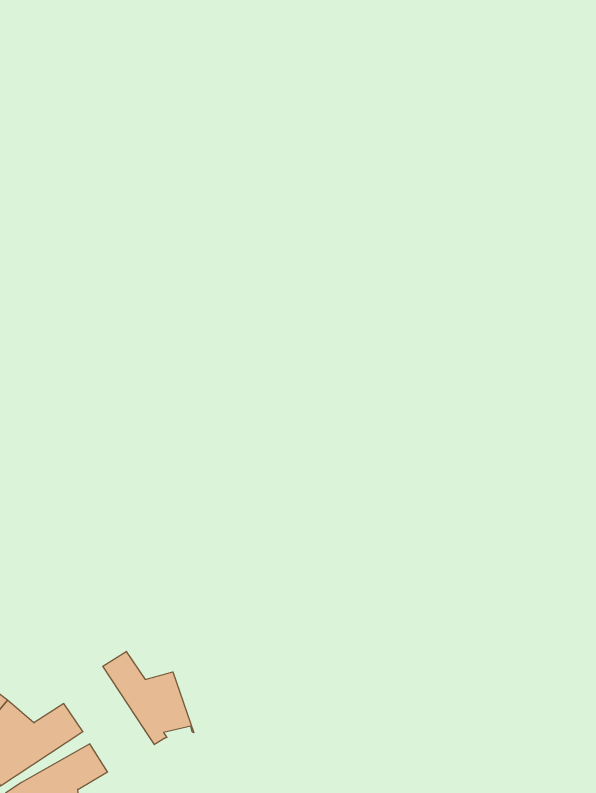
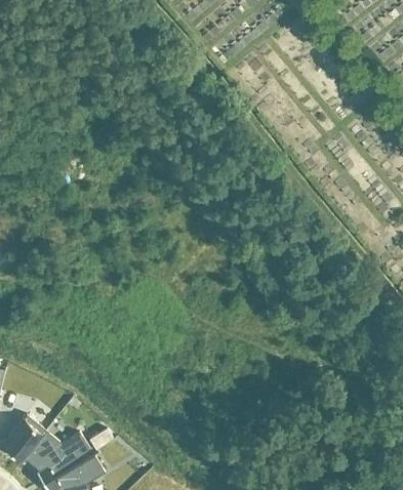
building: [103,651,194,745] -> none

